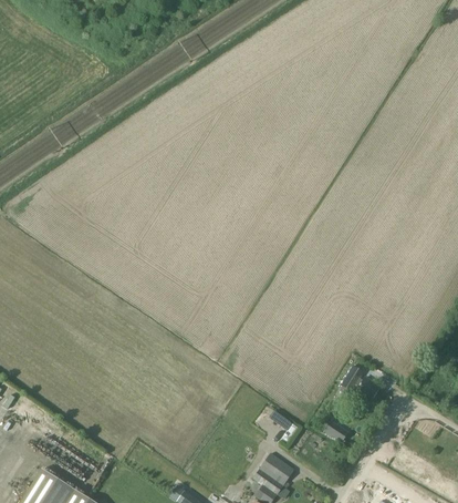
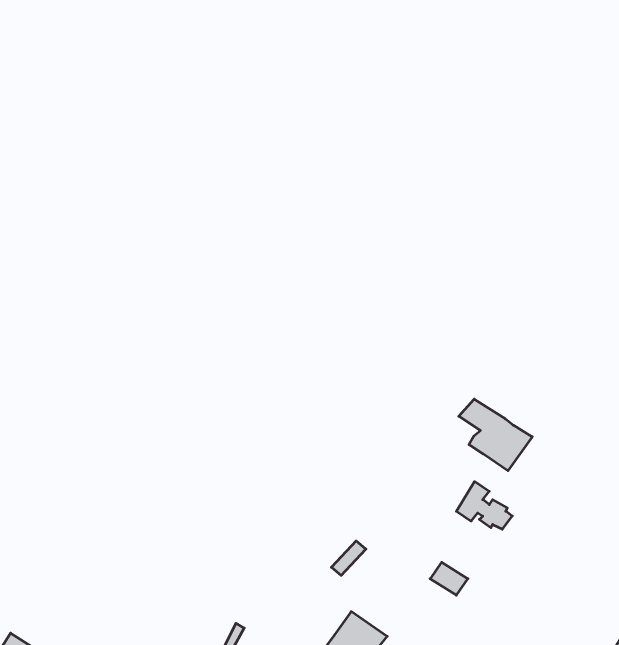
building: none -> [459,399,532,471]

